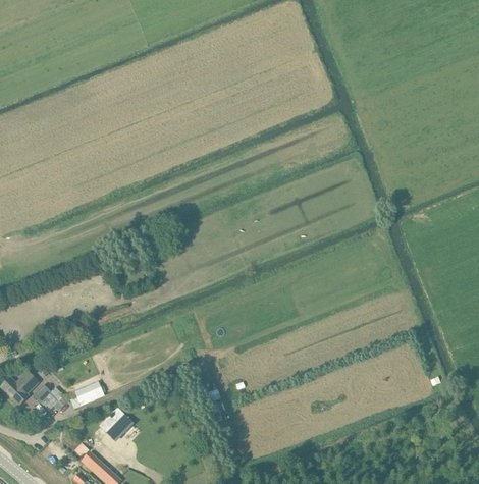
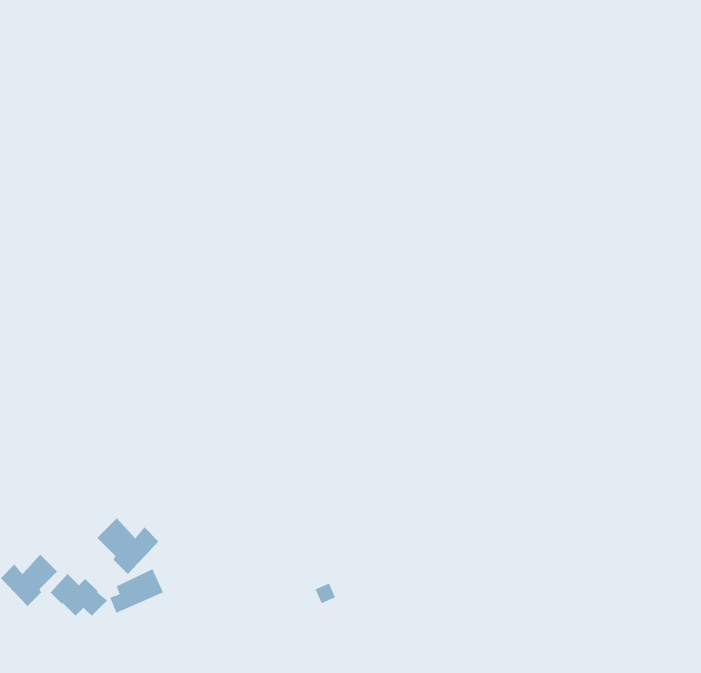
building: none -> [97,518,159,575]
building: [100,409,131,440] -> none

